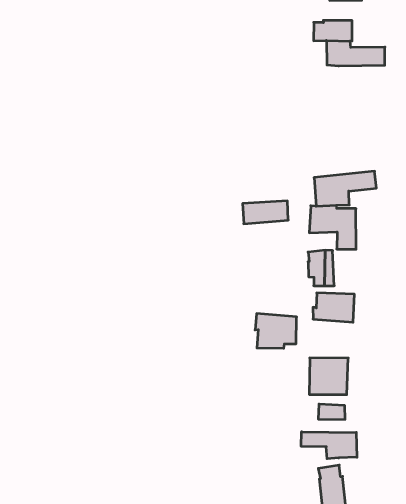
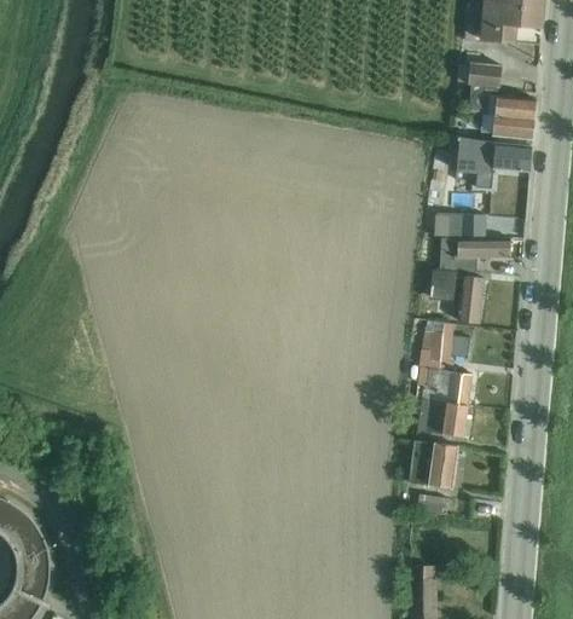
building: none -> [481,115,534,139]
building: none -> [446,137,532,189]
building: [243,201,288,224] -> [435,213,487,237]
building: [255,314,297,348] -> [419,398,468,440]
building: [301,432,357,459] -> none

